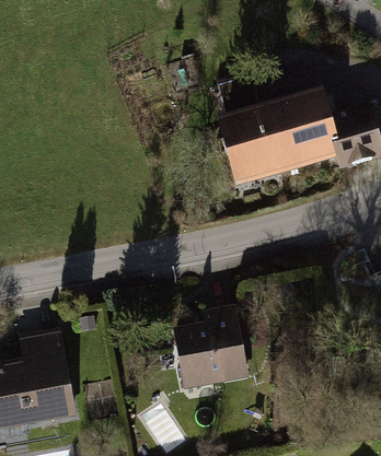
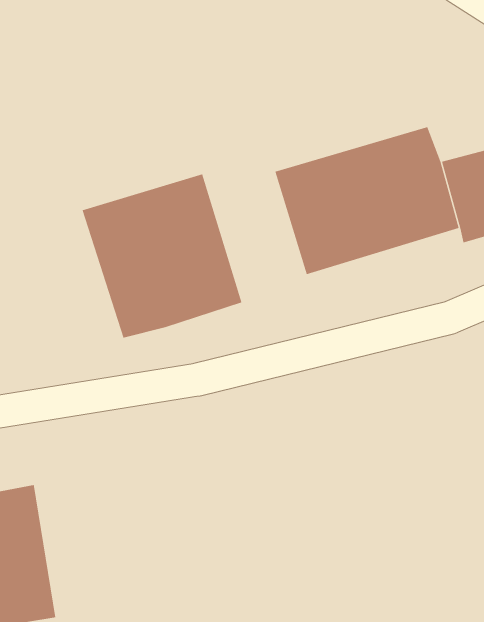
building: none -> [82,173,242,339]
building: [175,307,246,389] -> none

